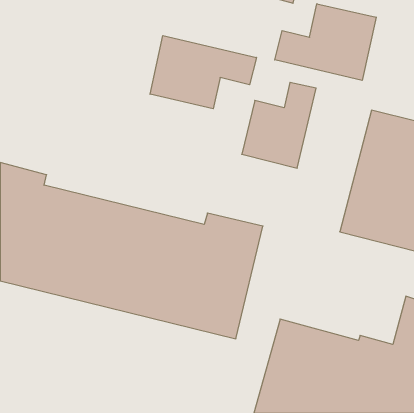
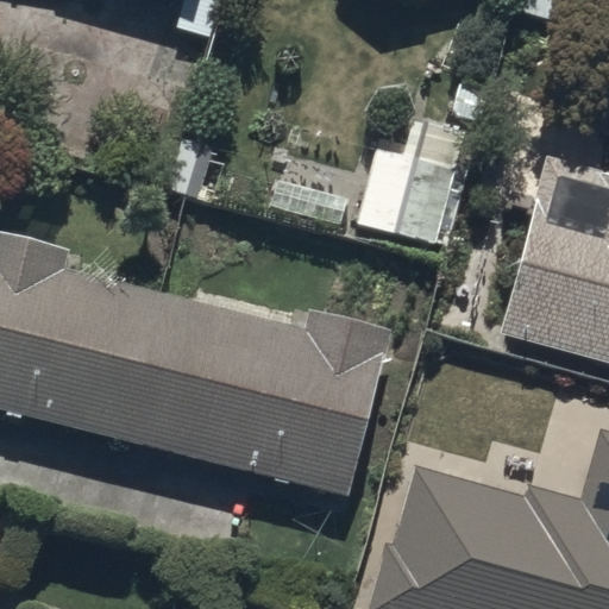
building: [275,4,376,80] -> none
building: [150,36,256,109] -> none

